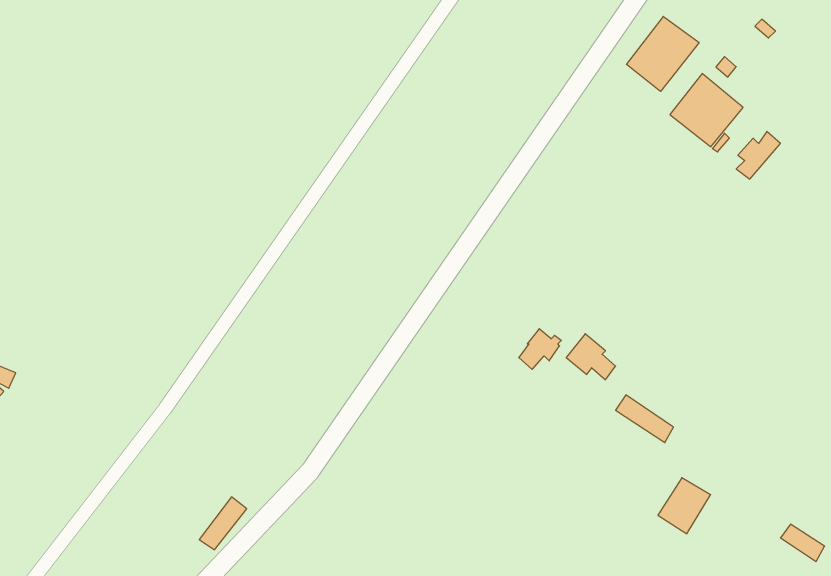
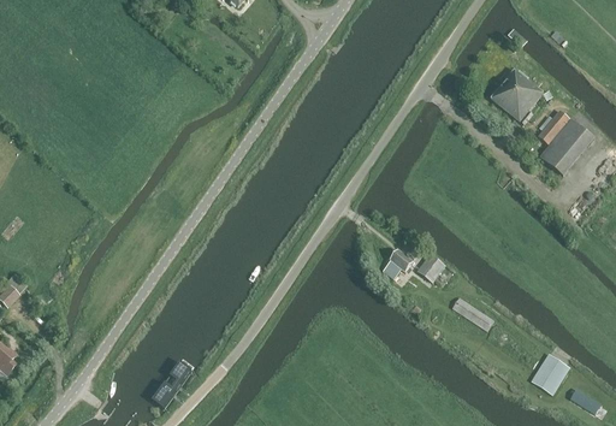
building: [627,16,699,91] -> none
building: none -> [539,119,593,174]
building: [658,478,711,534] -> [531,354,568,394]

